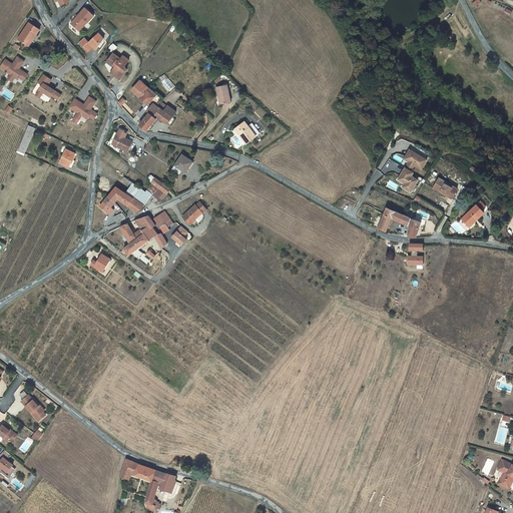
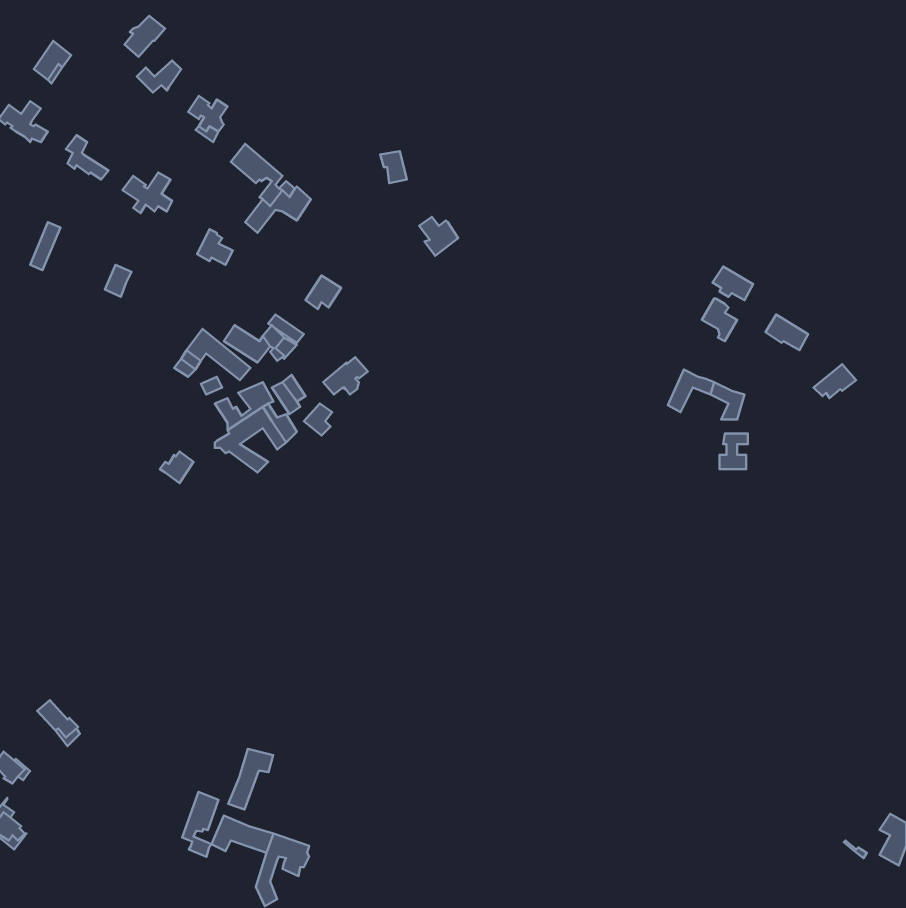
building: none -> [228,749,273,810]
building: none -> [182,792,219,857]

